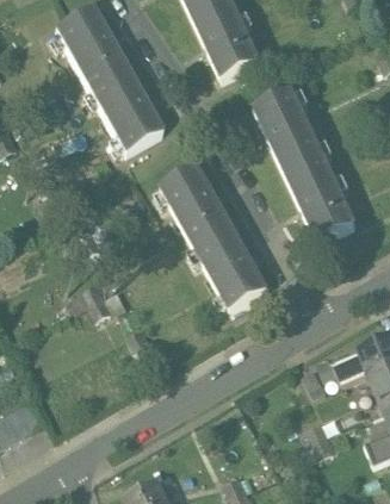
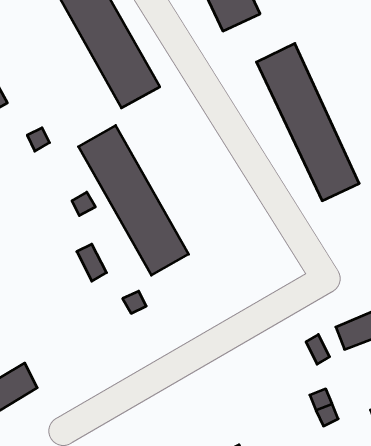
building: [161,164,267,309] -> [78,125,189,275]

